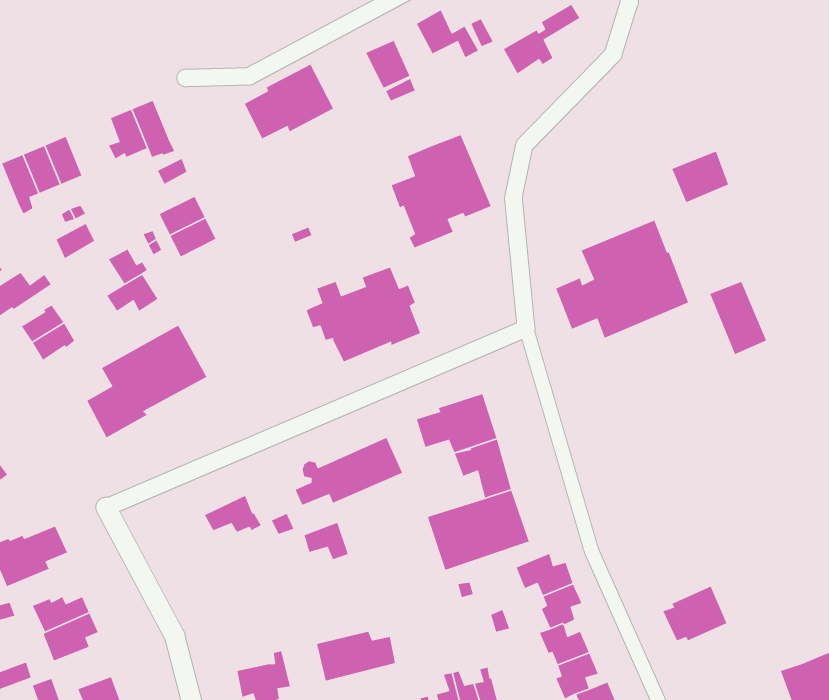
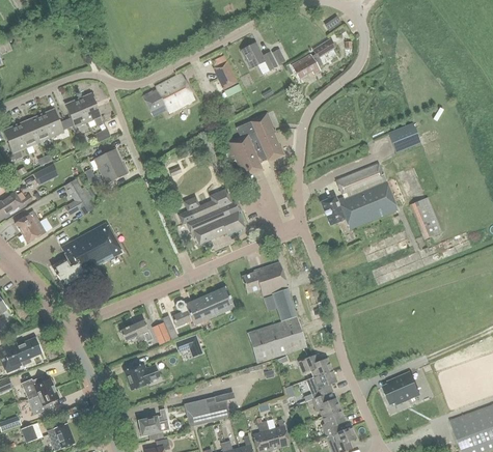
building: none -> [40,109,69,137]
building: none -> [125,364,159,389]

